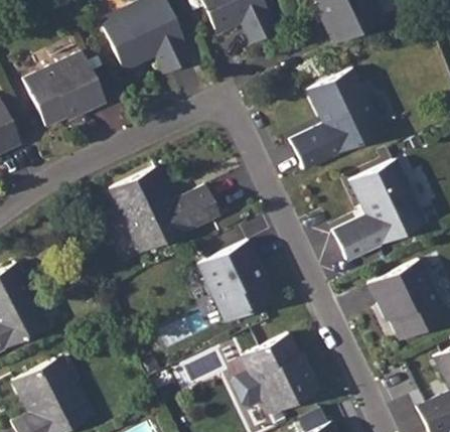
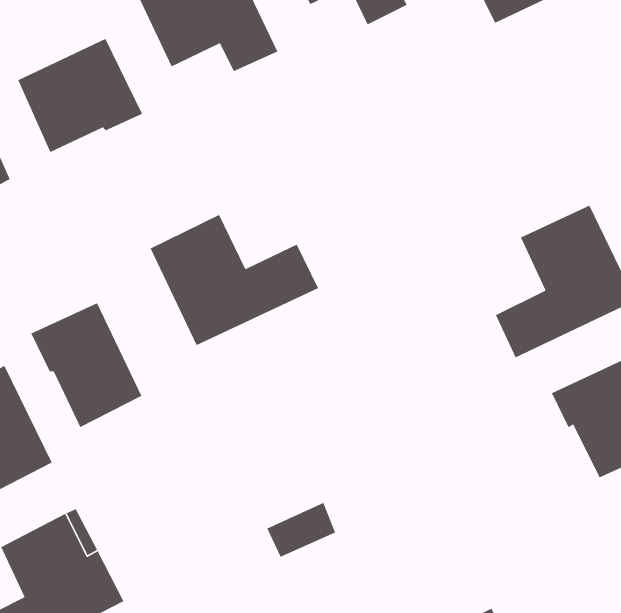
building: [288,68,381,169] -> none
building: none -> [30,302,142,428]
building: [197,241,272,322] -> none
building: [233,333,318,413] -> none

